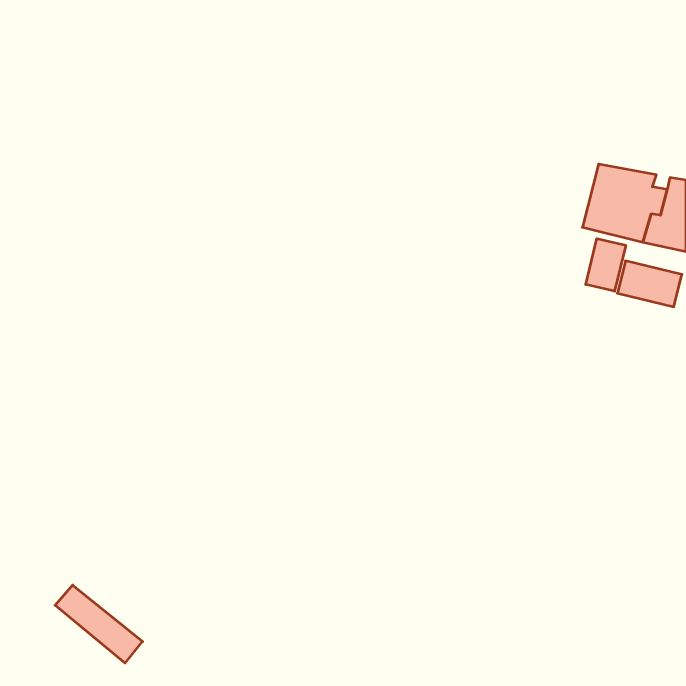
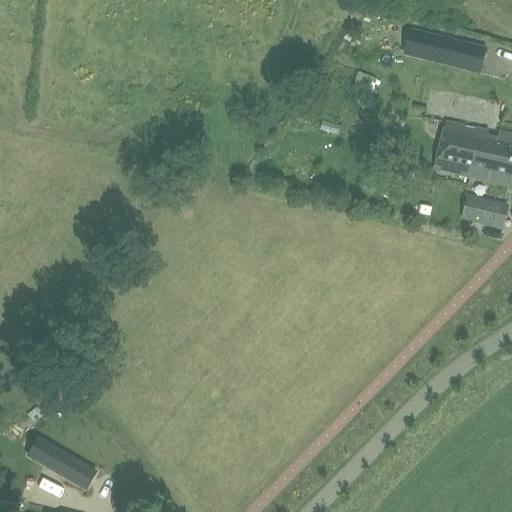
building: none -> [402,31,483,69]
building: [586,239,626,291] -> none

